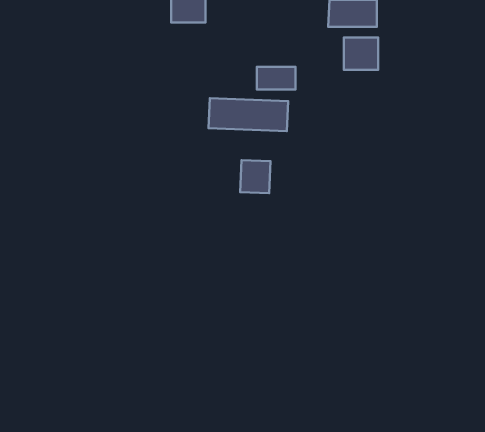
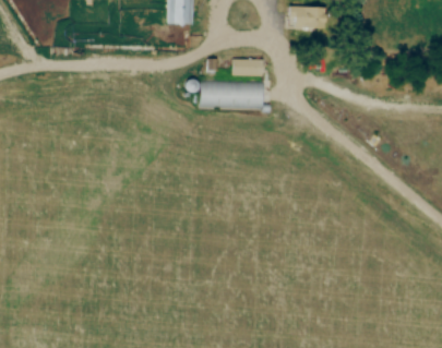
building: [344,38,378,70] -> none
building: [240,160,270,193] -> none

